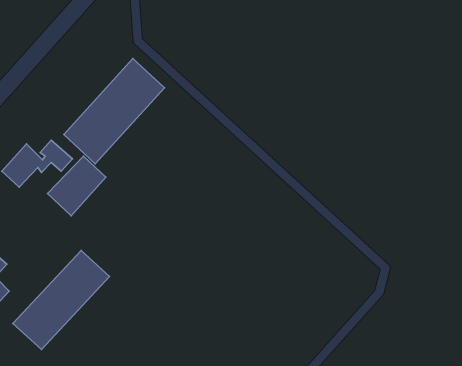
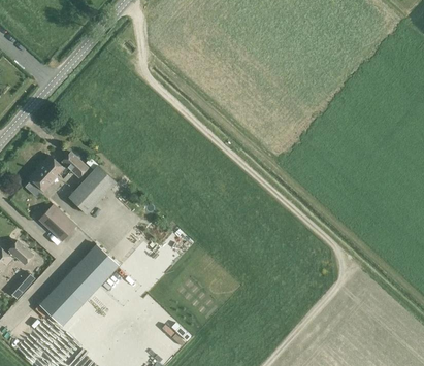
building: [64,59,164,164] -> none
building: none -> [39,203,75,239]

